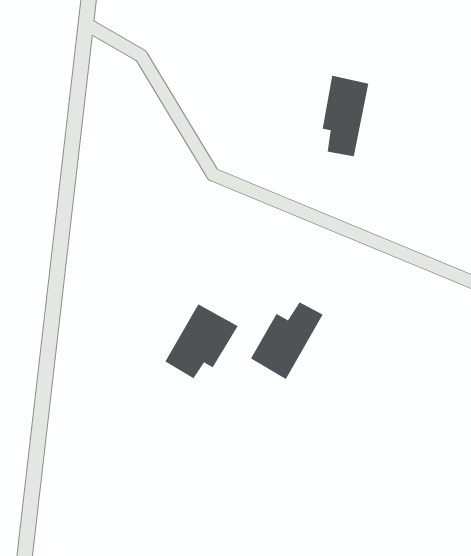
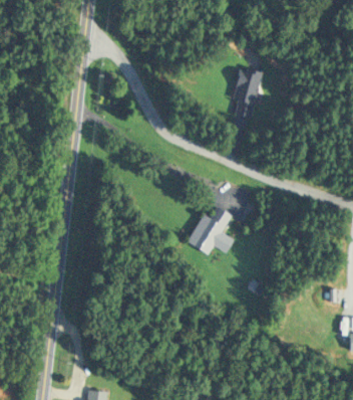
building: [165,303,239,379] -> none

